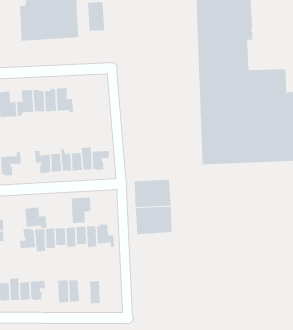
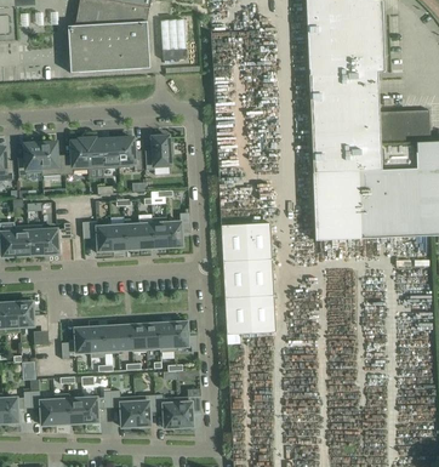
building: none -> [150,133,172,166]
building: none -> [220,223,270,262]
building: [71,197,91,224] -> none
building: [25,207,47,229] -> none
building: none -> [176,395,200,428]

